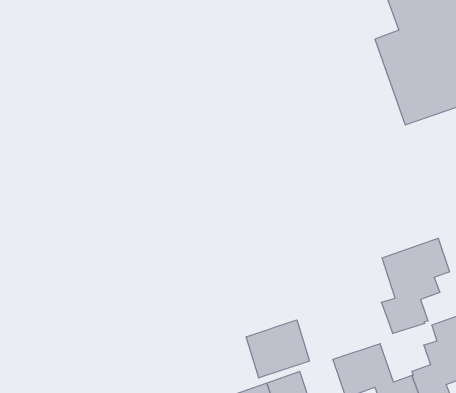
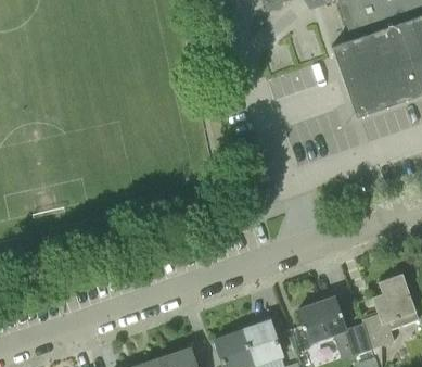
building: [382,238,450,334] -> none
building: [246,320,309,378] -> none

